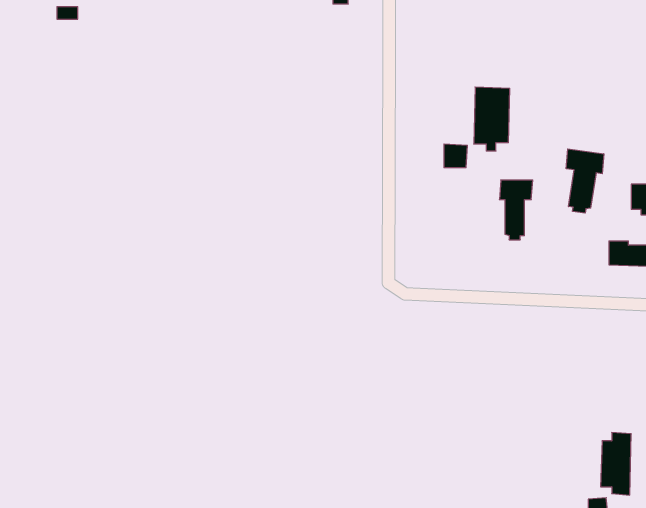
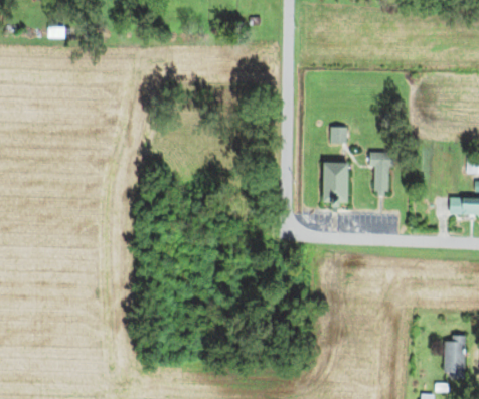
building: [474,87,510,151] -> [323,165,349,211]
building: [566,149,604,213] -> none

